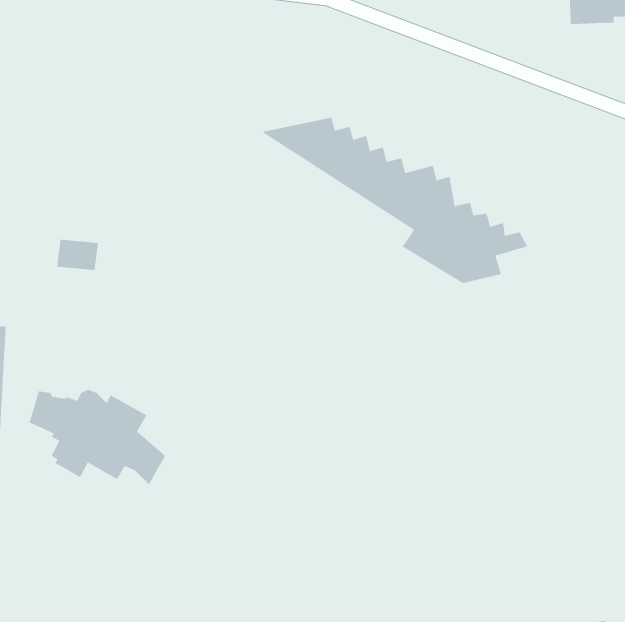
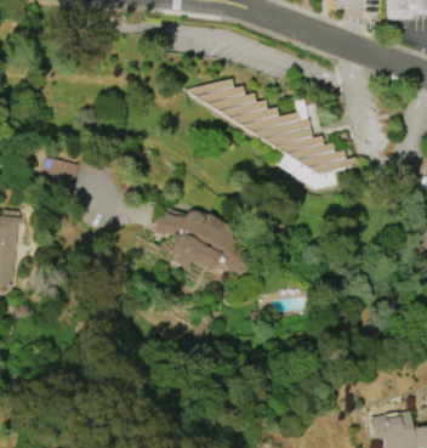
building: [29,389,166,485] -> [154,210,244,273]

